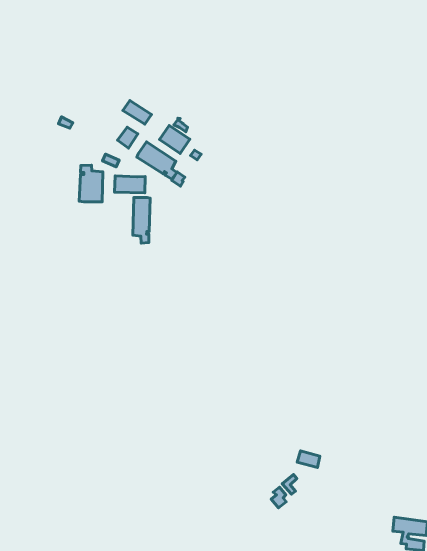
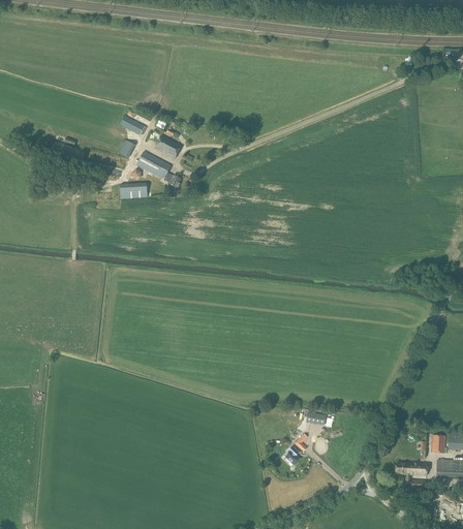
building: [79,165,103,202] -> none
building: [133,198,150,243] -> none

